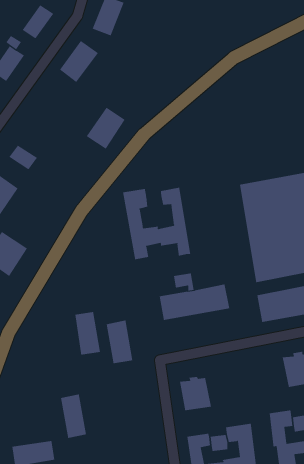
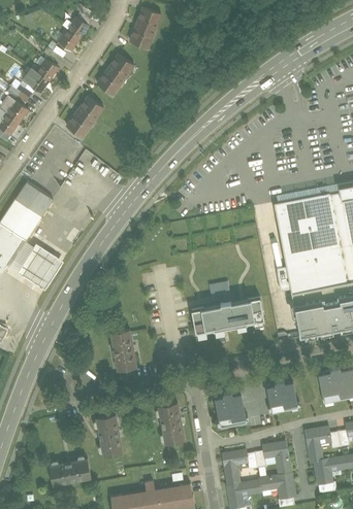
building: [86,107,126,149] -> [62,94,102,137]
building: [123,187,191,260] -> none
building: [106,320,133,364] -> [155,399,183,443]
building: none -> [267,379,299,414]

